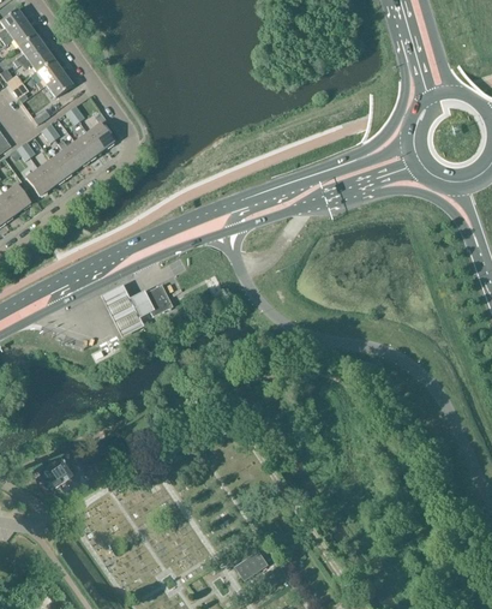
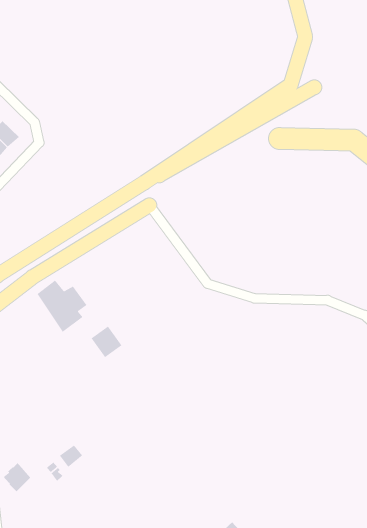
building: [142,283,172,315] -> [90,326,122,358]

